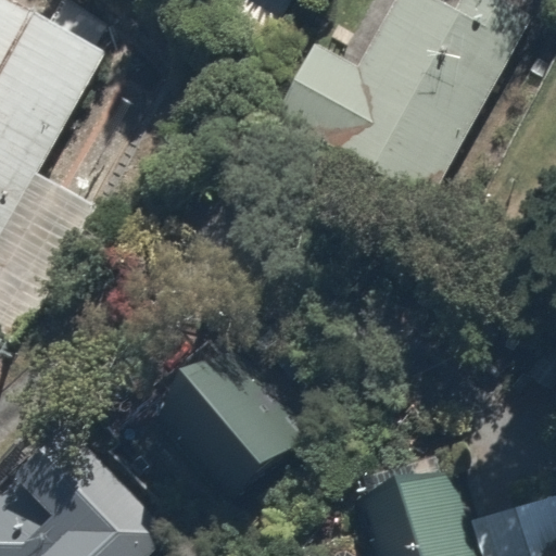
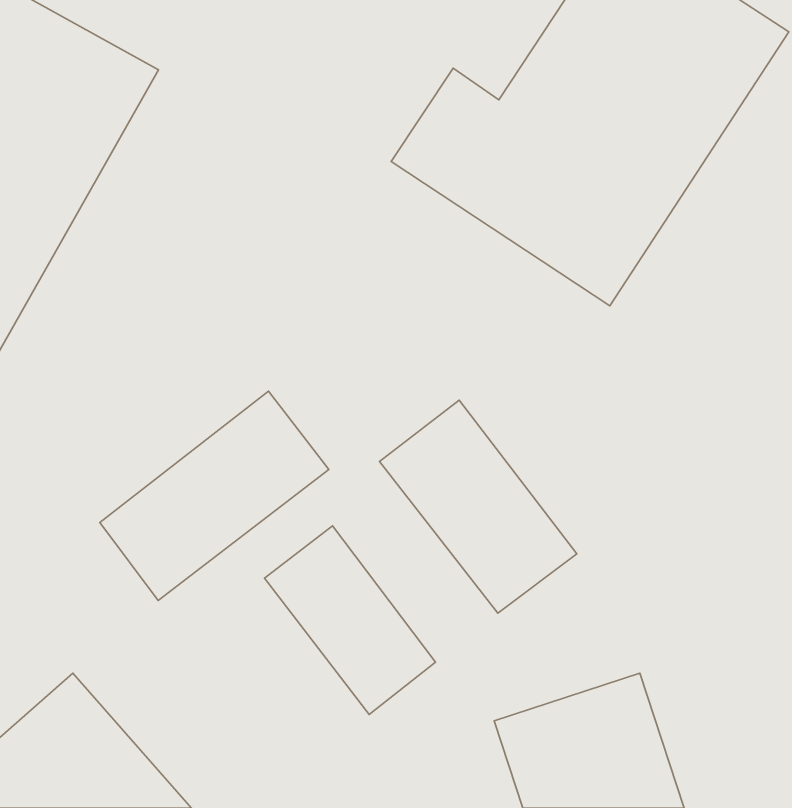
building: none -> [100,391,329,601]
building: none -> [380,400,577,613]

